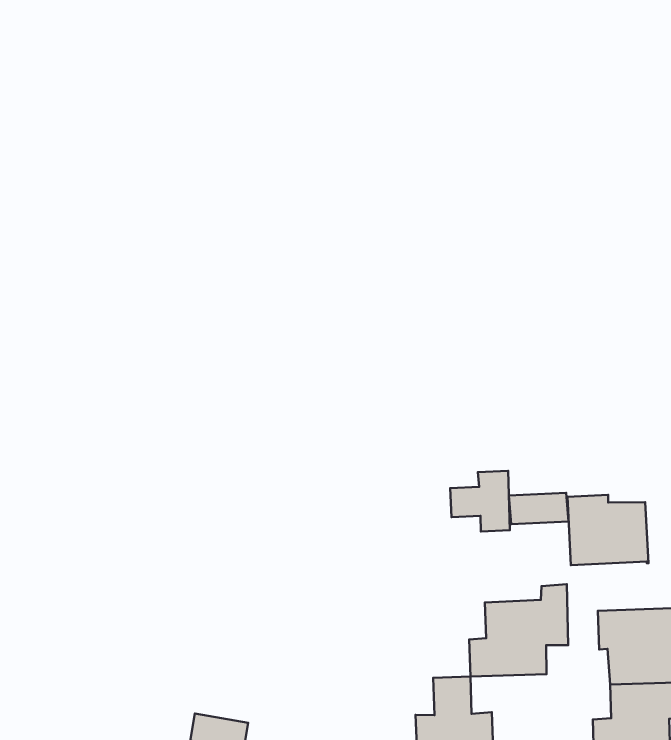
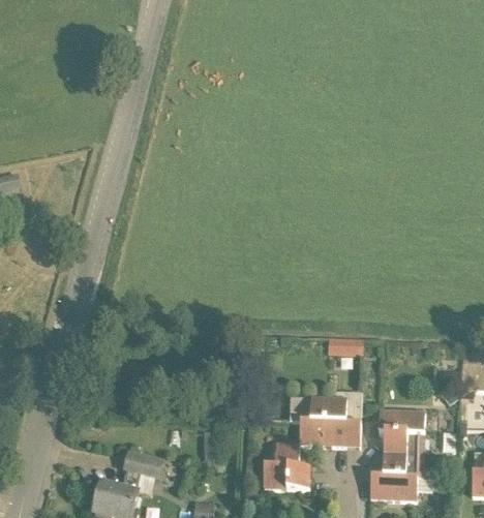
building: [450,471,510,532] -> none
building: [567,495,649,565] -> none

